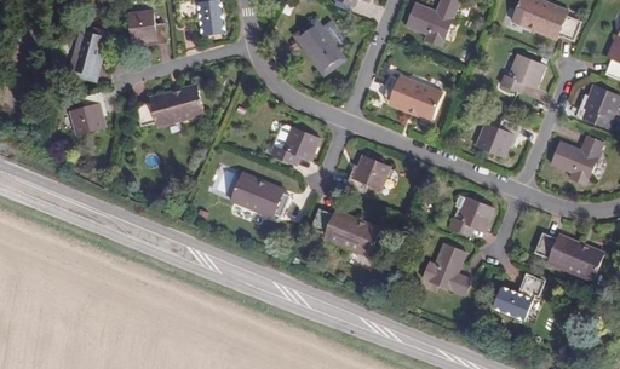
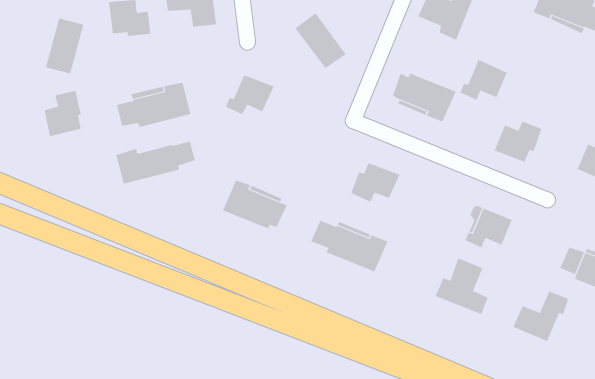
building: [501,54,545,92] -> [459,59,508,101]
building: [276,126,321,162] -> [225,75,275,115]
building: none -> [115,141,196,184]

